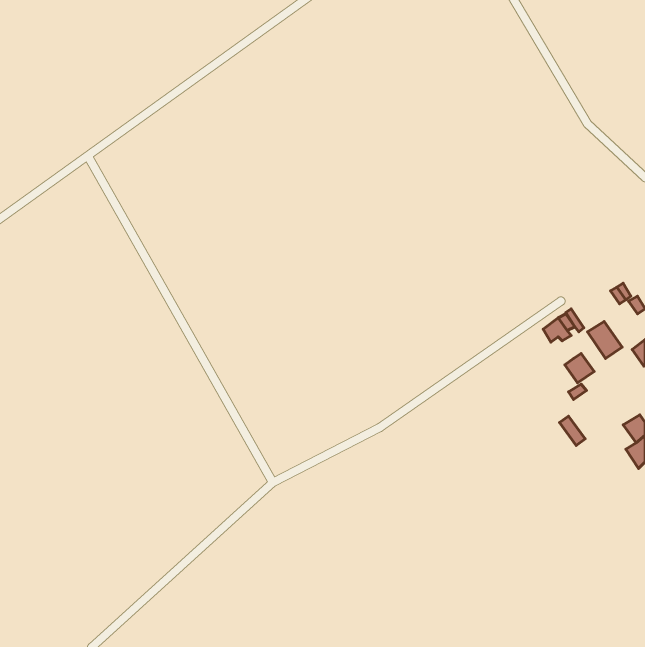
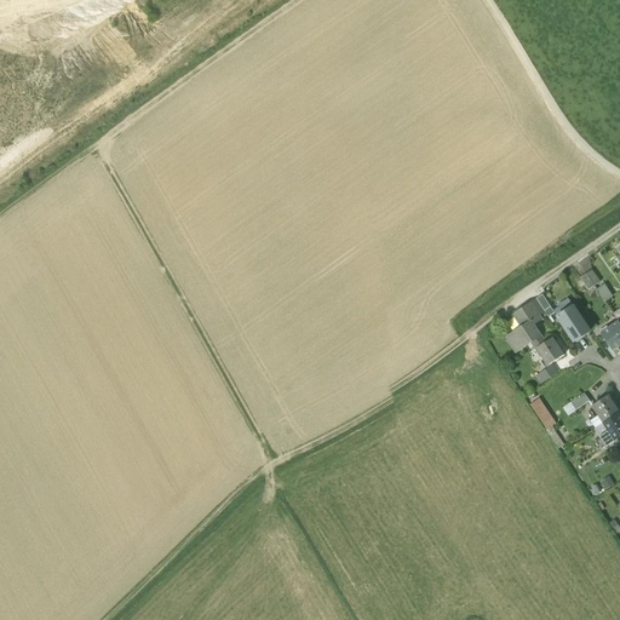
building: none -> [510,320,545,349]

